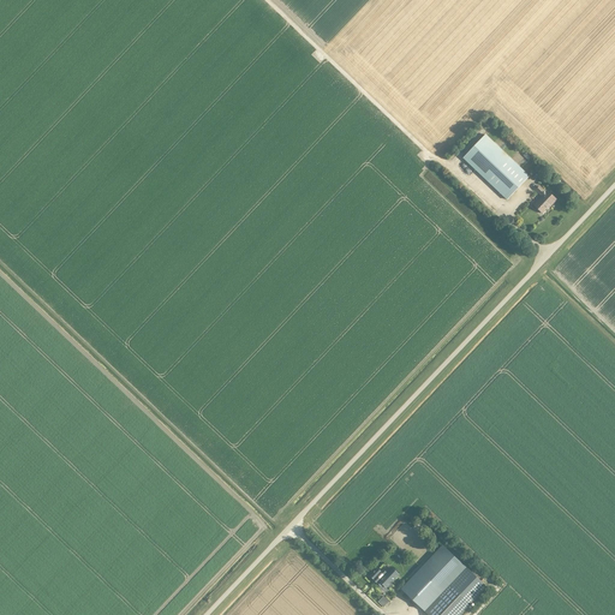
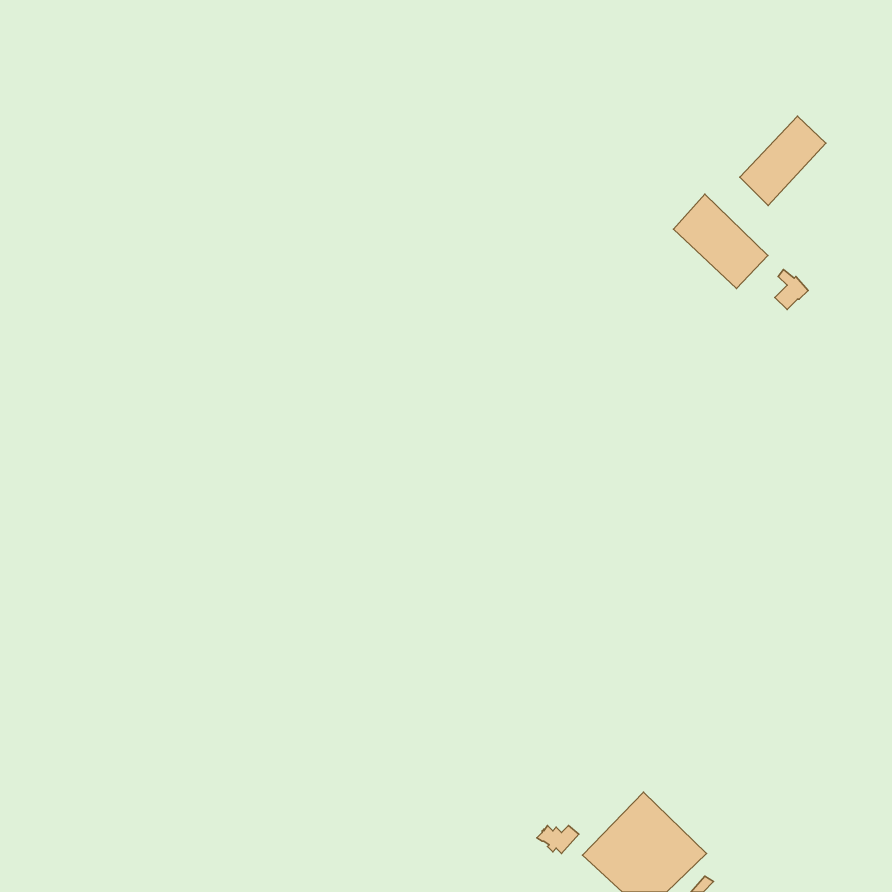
building: none -> [740,116,826,205]

